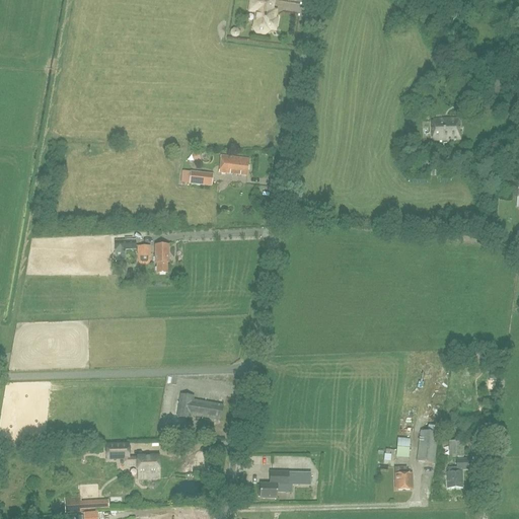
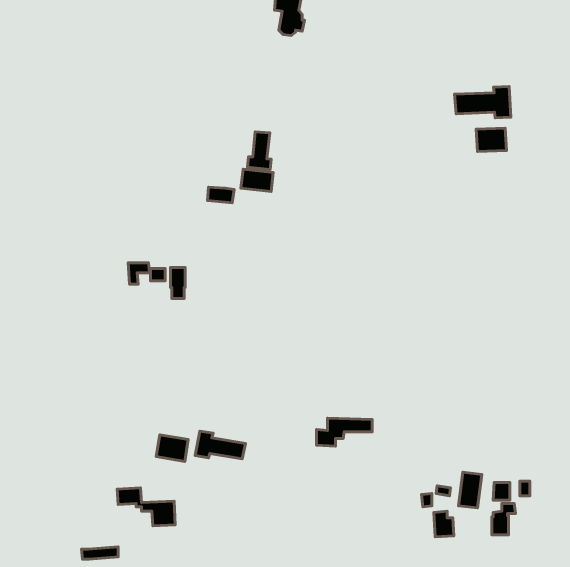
building: none -> [455,86,511,118]
building: none -> [247,132,271,169]
building: none -> [156,435,188,461]
building: [260,471,310,497] -> [316,418,372,446]

